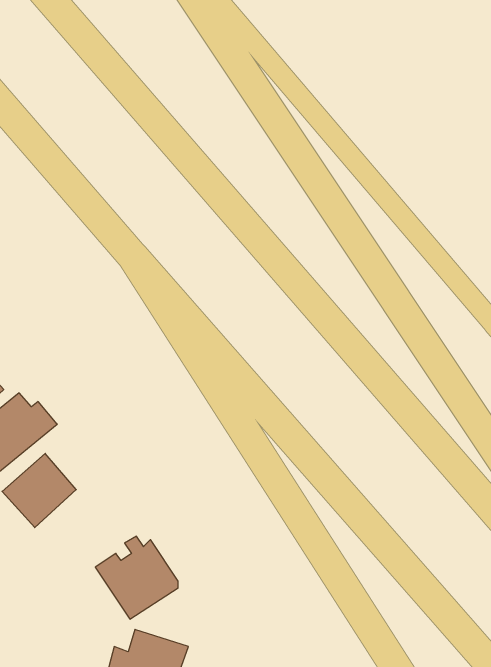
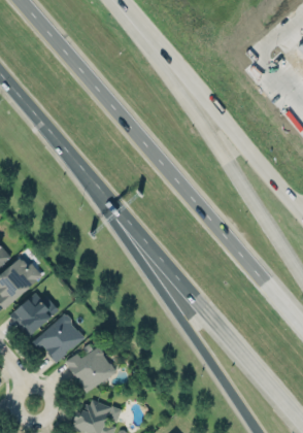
building: none -> [32,314,87,363]

